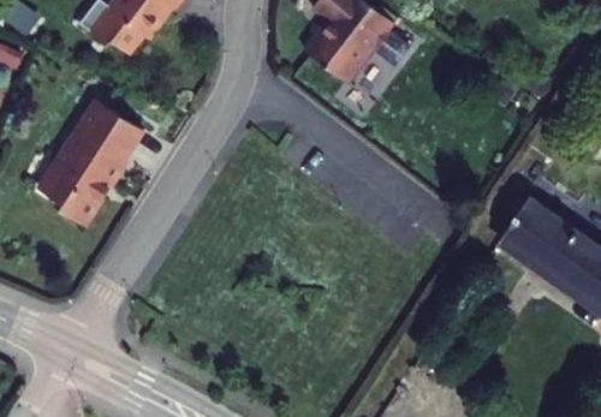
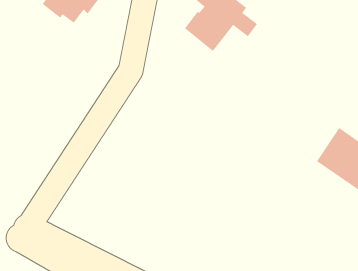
building: [38,102,143,228] -> none

